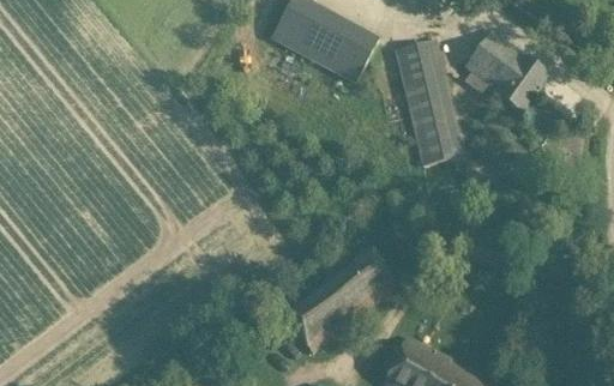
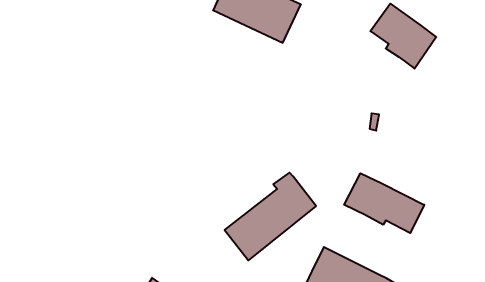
building: [395,41,465,169] -> none
building: none -> [344,173,424,233]

